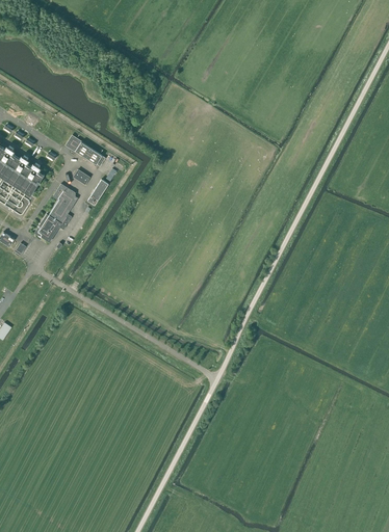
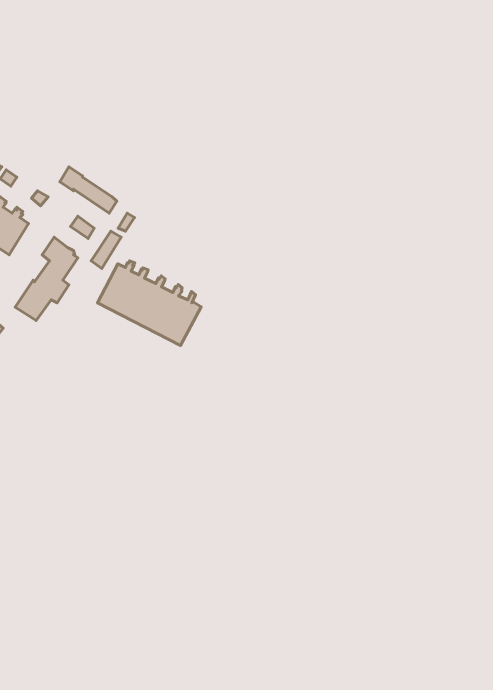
building: none -> [97,261,201,346]

